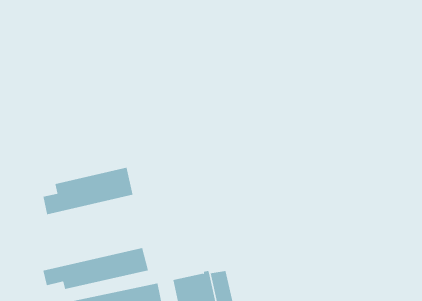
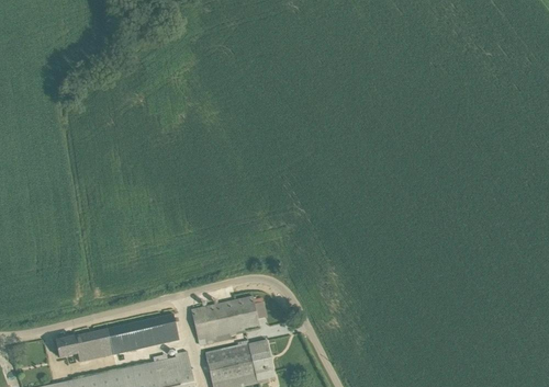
building: [43,167,133,215] -> none
building: none -> [190,295,266,345]

